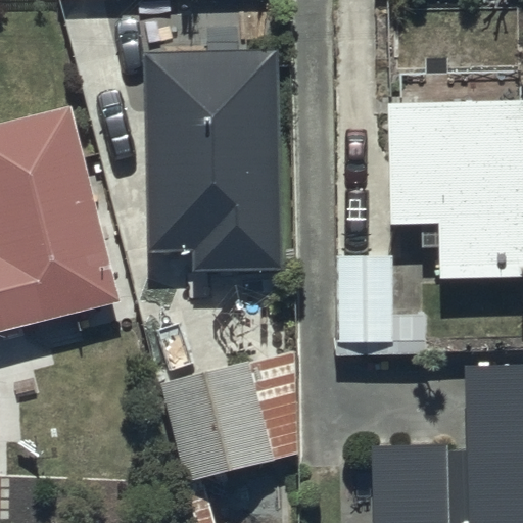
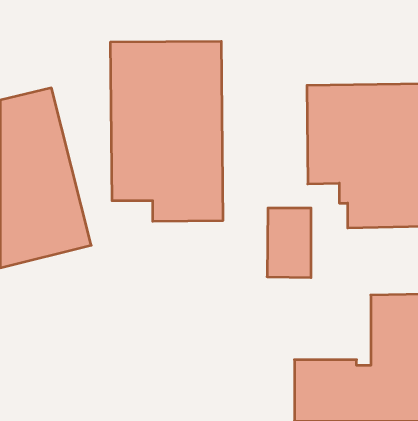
building: [158,350,299,483] -> none

